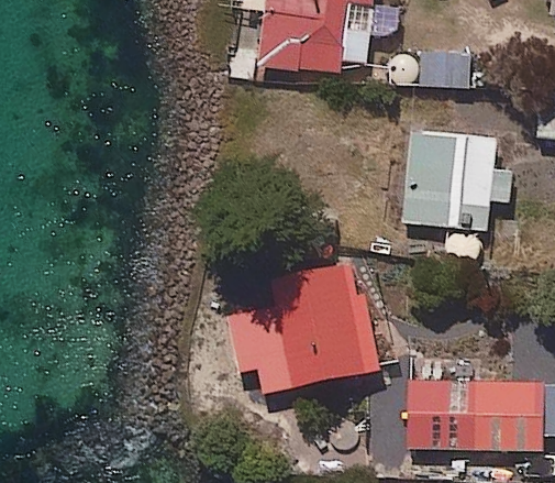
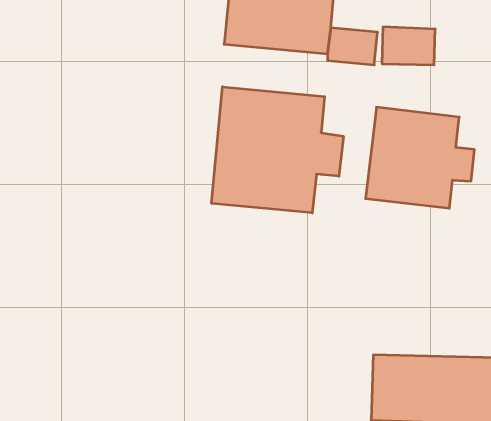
building: none -> [212,87,343,213]
building: [230,262,376,392] -> none

